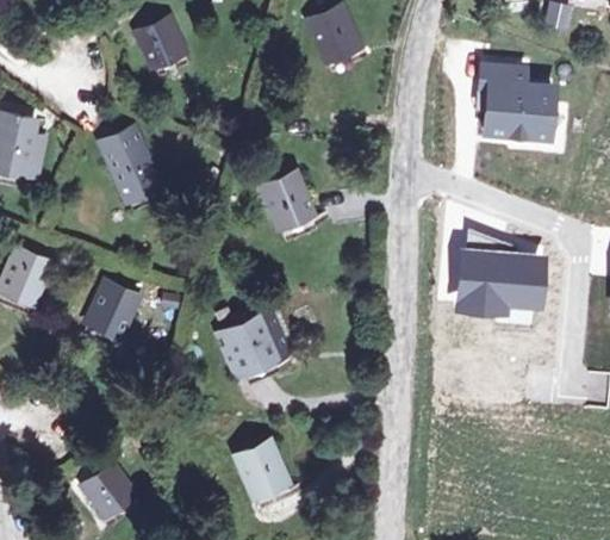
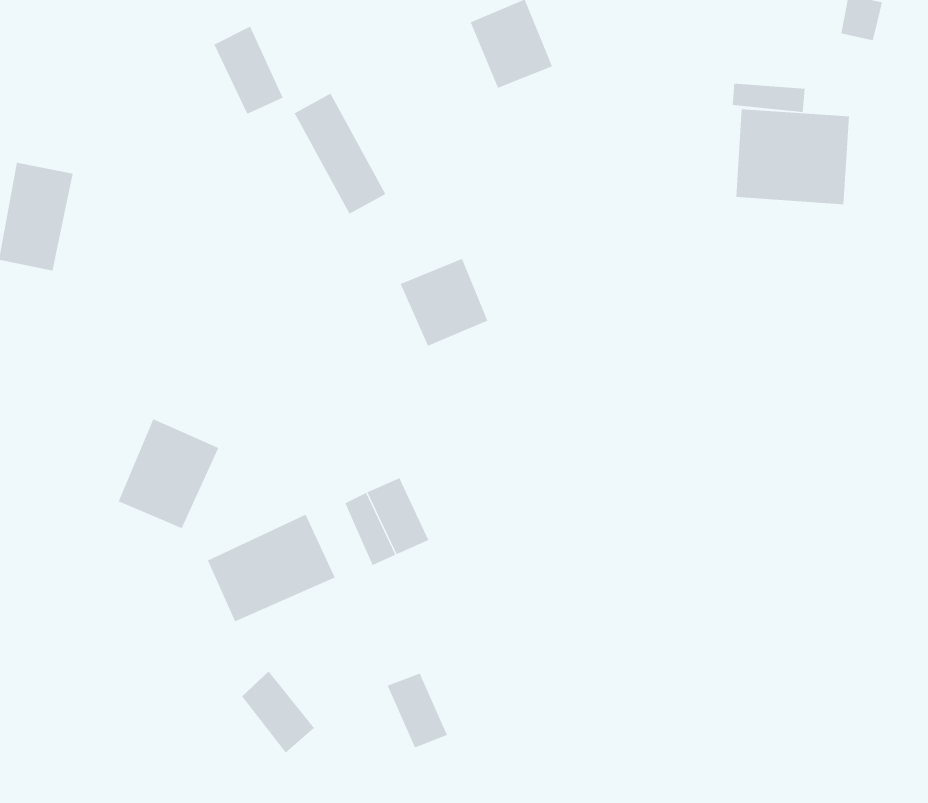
building: [107,131,167,210] -> [294,93,386,214]
building: [452,246,542,314] -> none
building: [6,250,54,312] -> none
building: none -> [207,514,335,622]
building: [97,465,144,519] -> [241,671,315,754]

